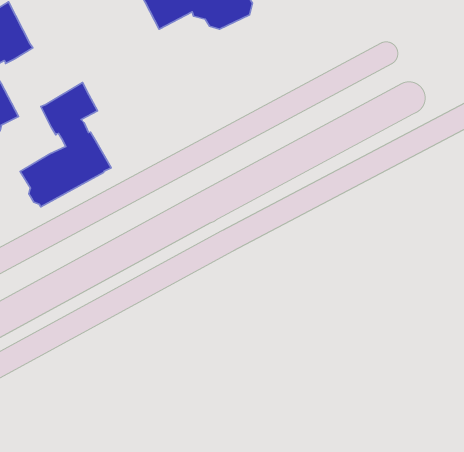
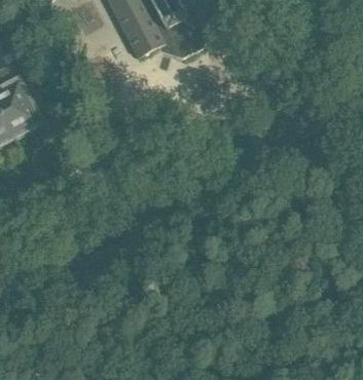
building: [20,83,111,207] -> none

